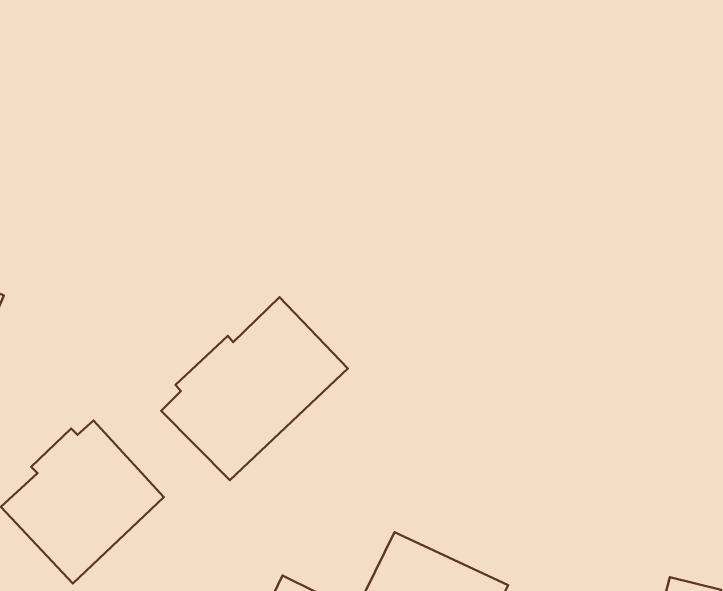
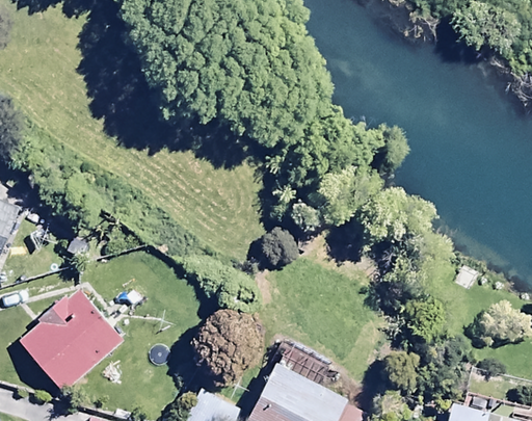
building: [161,297,348,480] -> none

